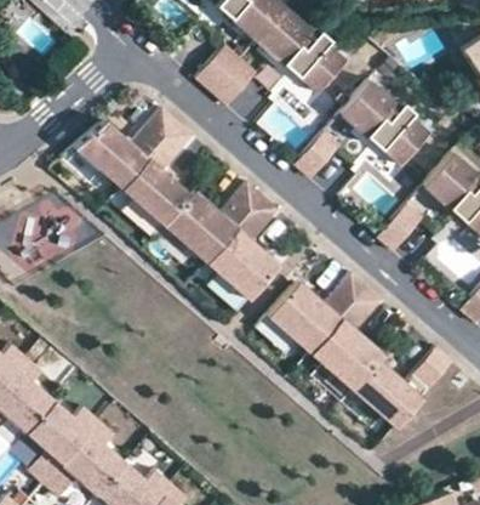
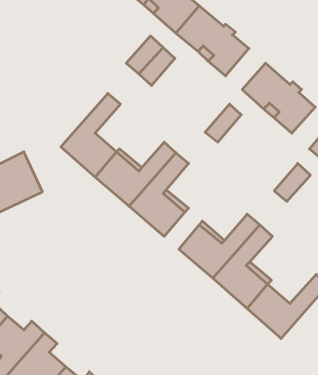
building: [75,106,176,186] -> none

